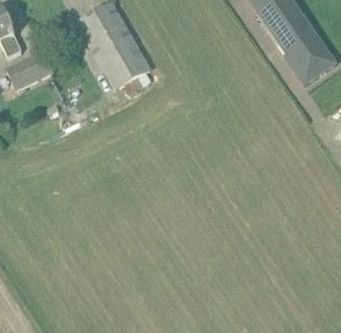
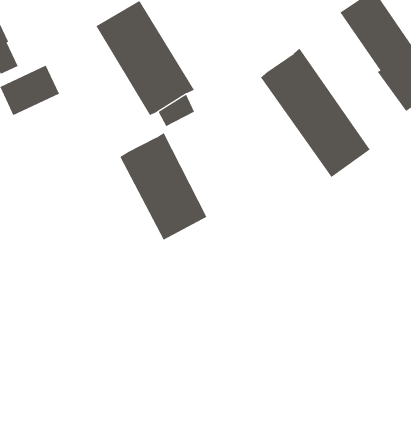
building: none -> [260,48,370,178]
building: none -> [119,132,207,240]

